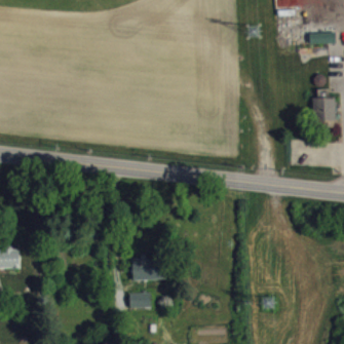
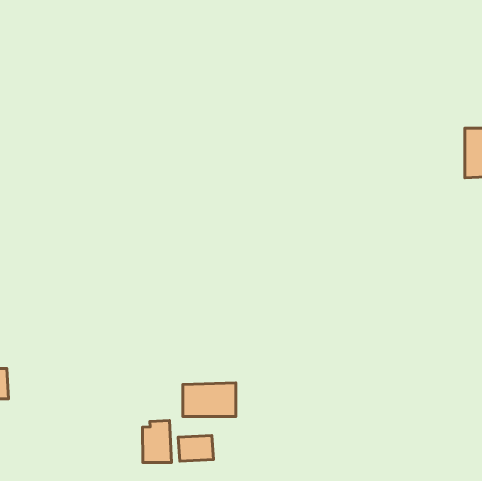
building: none -> [142,420,171,463]

